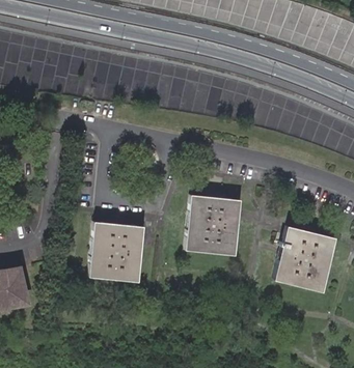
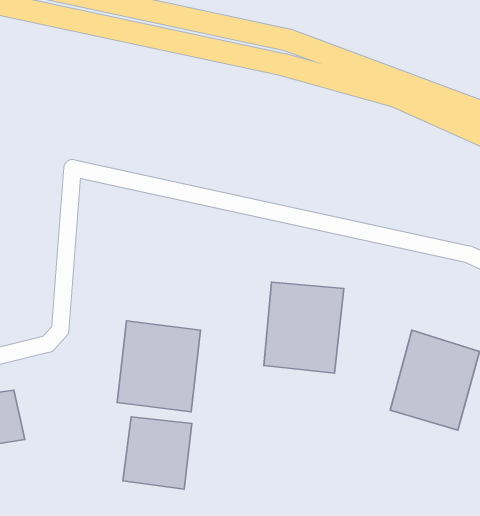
building: none -> [123,417,192,489]

